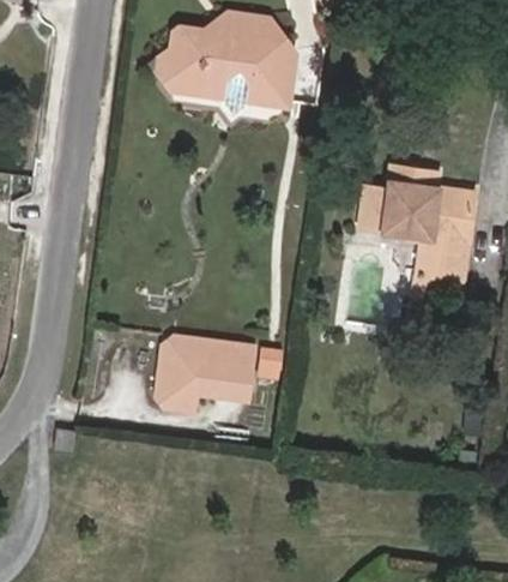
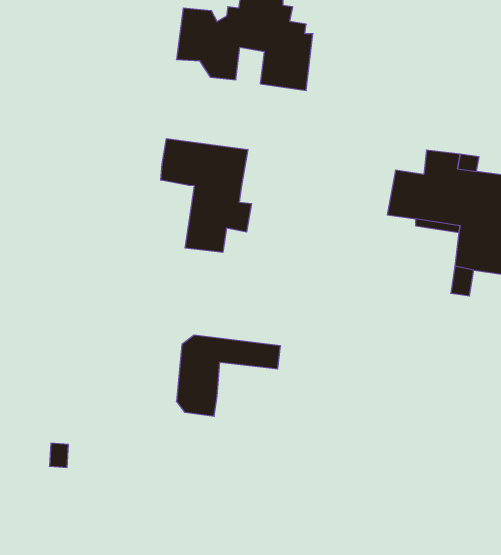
building: none -> [161,139,252,252]
building: [207,356,261,394] -> none

